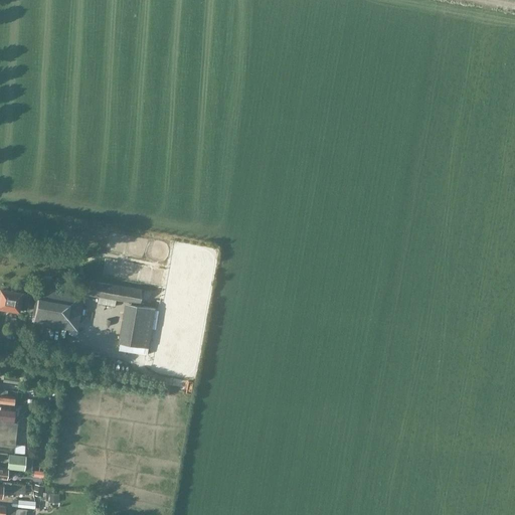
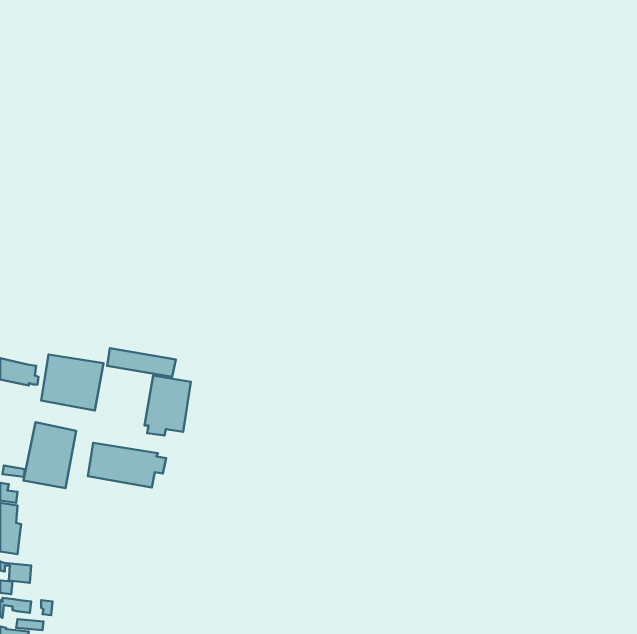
building: none -> [24,422,76,488]
building: none -> [88,443,166,488]

